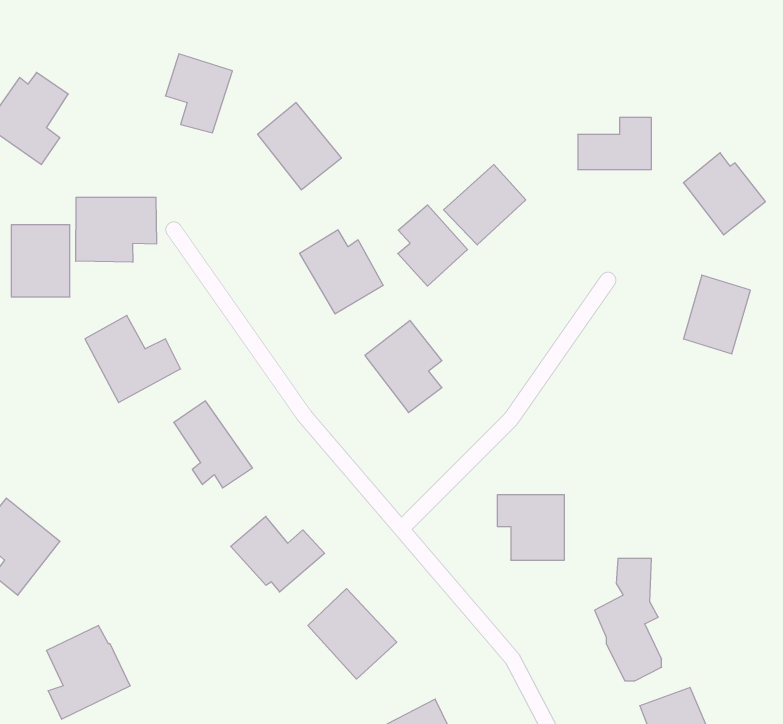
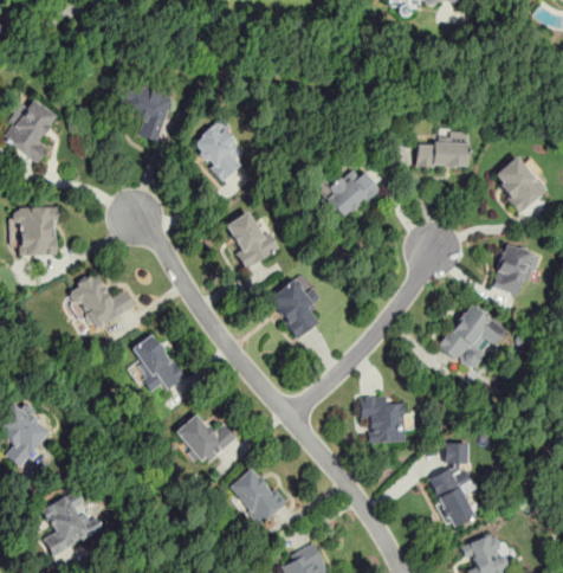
building: [76,197,156,262] -> none
building: [398,205,468,286] -> none
building: none -> [436,303,505,374]

